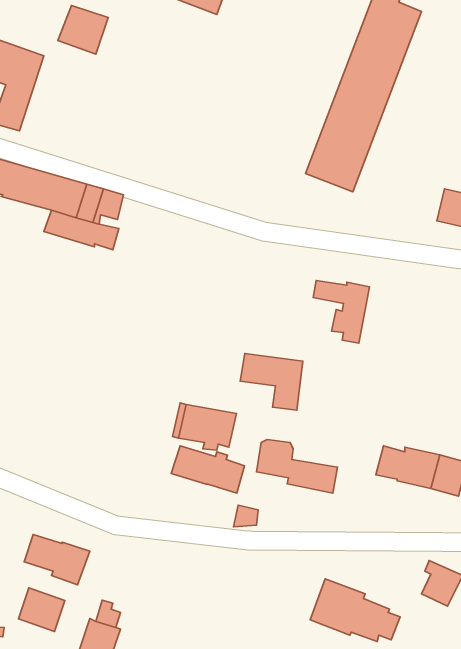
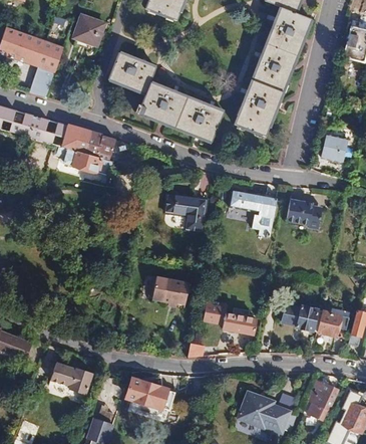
building: none -> [108,51,224,143]
building: none -> [286,199,322,228]
building: [240,354,303,410] -> [164,194,206,231]
building: [171,446,244,493] -> [126,379,174,410]
building: [18,588,65,631] -> none

